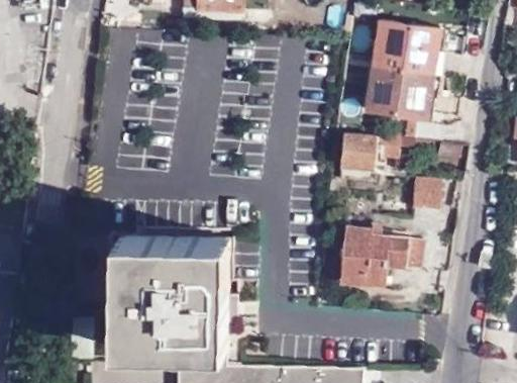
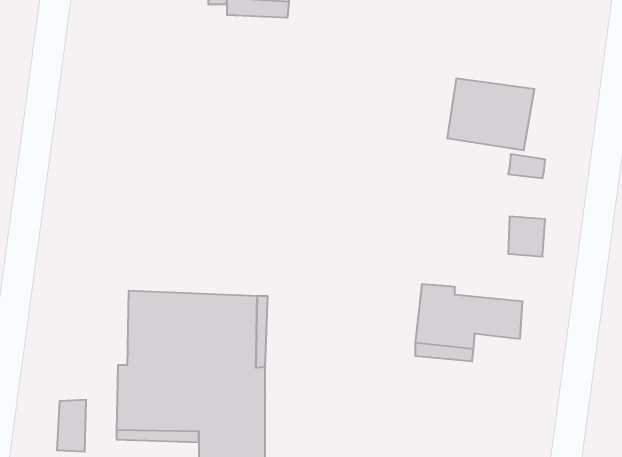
building: [373,27,438,79] -> none
building: [338,137,398,174] -> none

